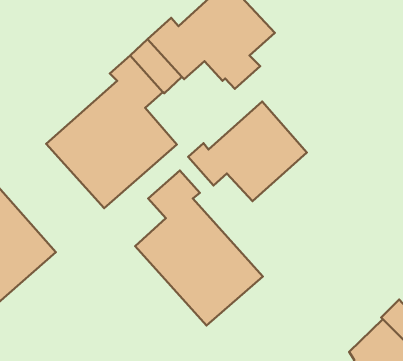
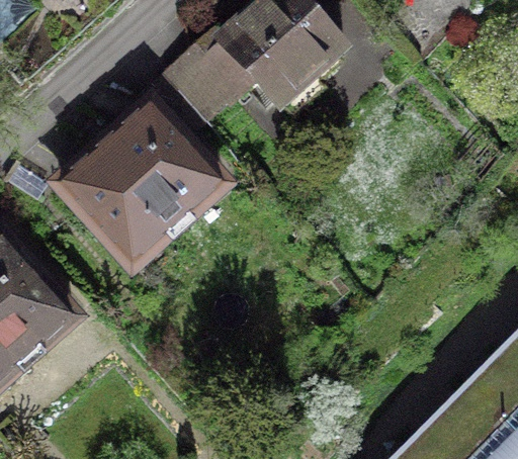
building: [188,102,307,201] -> none
building: [135,171,263,326] -> none

